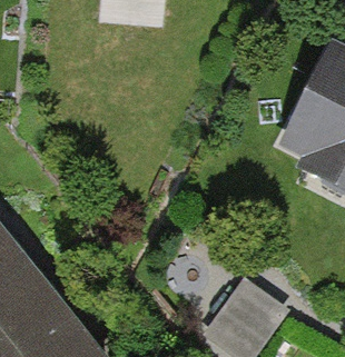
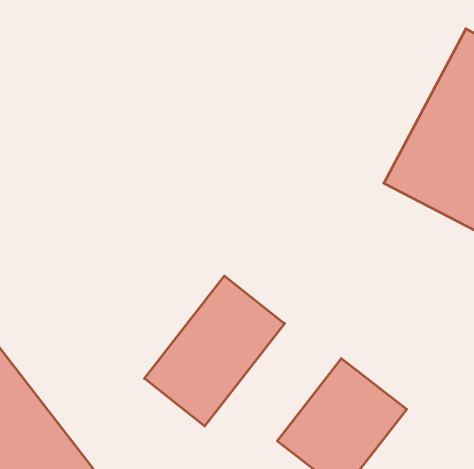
building: none -> [144,276,285,426]

